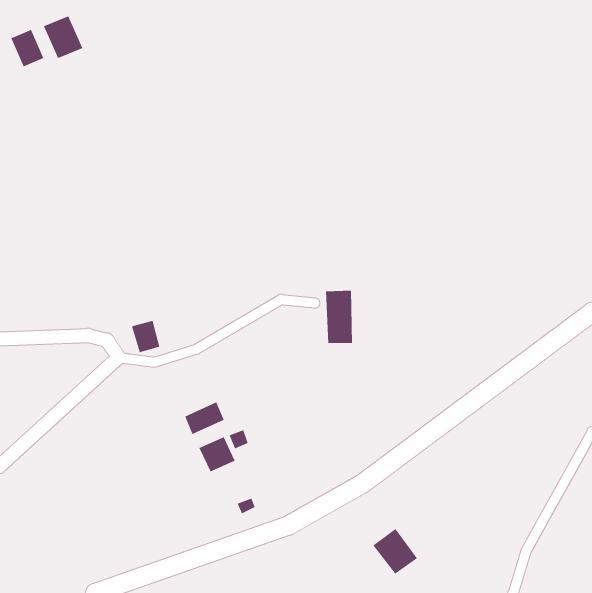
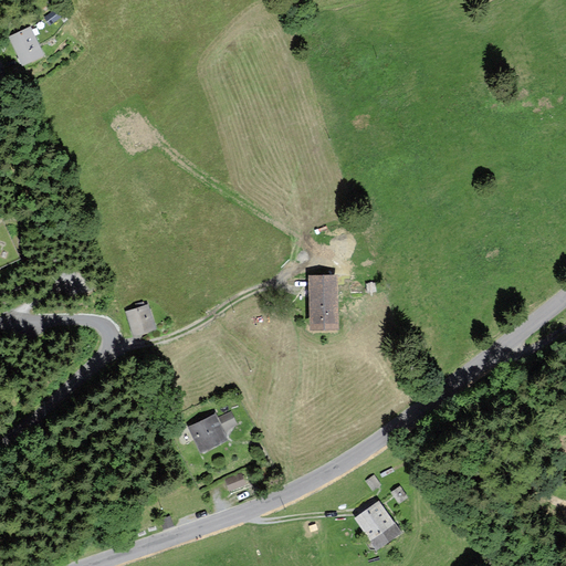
building: [43,15,83,59] -> none
building: [184,401,224,435] -> none

